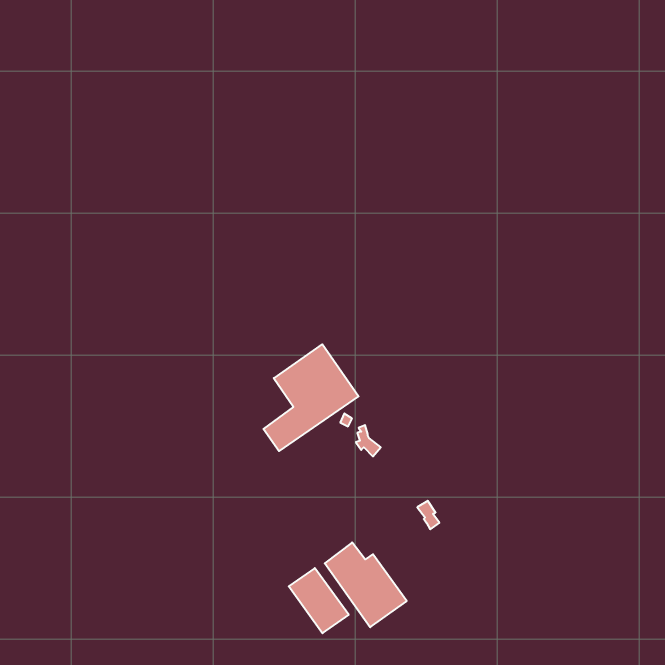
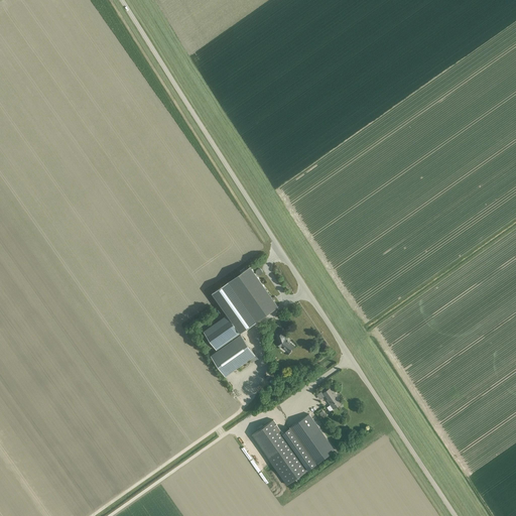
building: none -> [210,336,257,377]
building: [289,568,349,633] -> [288,415,335,466]

